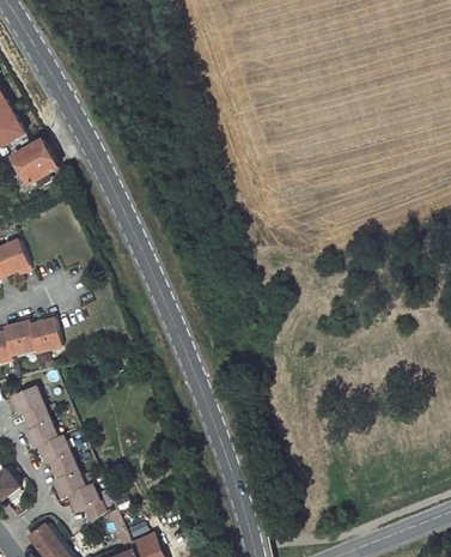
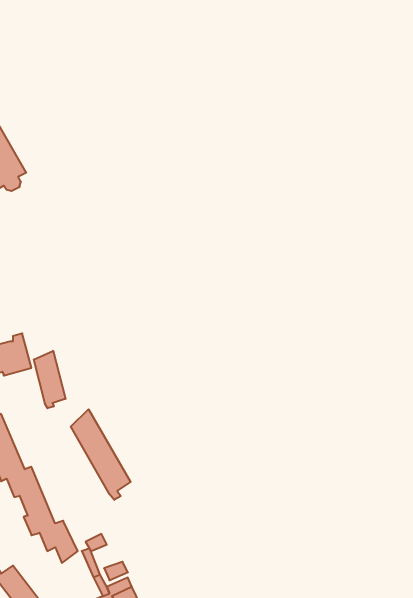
building: none -> [34,351,66,408]
building: none -> [71,409,131,500]

